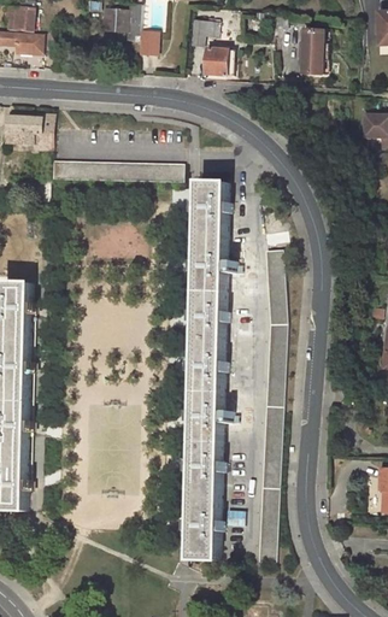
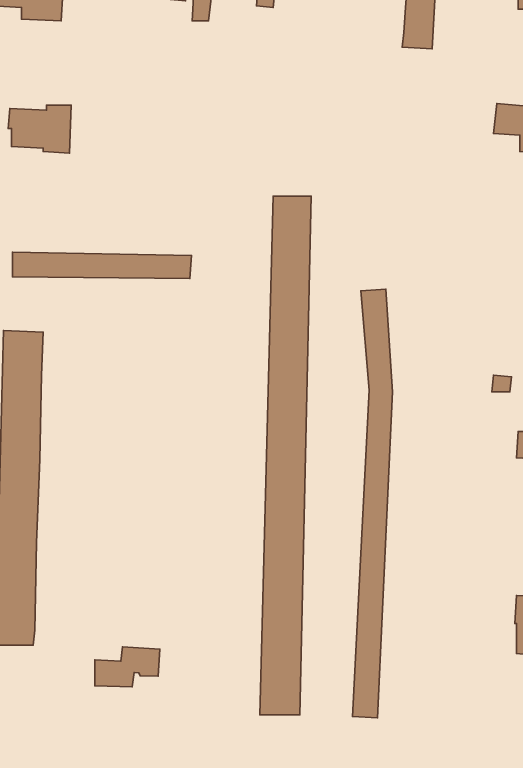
building: [204,48,231,75] -> none
building: [53,160,183,180] -> [13,252,191,279]
building: none -> [95,647,160,687]

